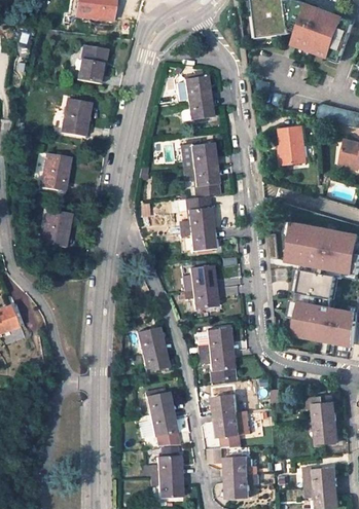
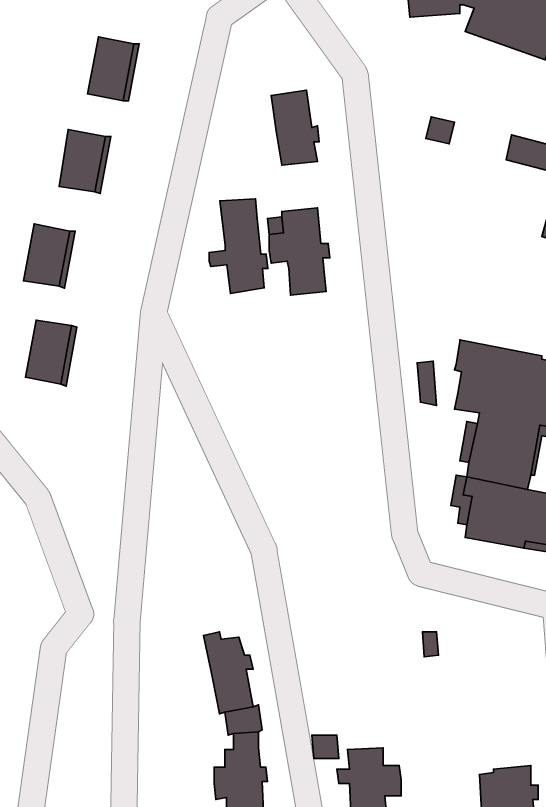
building: [280,126,306,163] -> none
building: [179,197,213,252] -> [209,199,268,293]
building: [182,266,216,310] -> none
building: [132,328,166,373] -> none
building: [196,329,232,380] -> none
building: [213,394,250,447] -> none
building: [312,396,337,444] -> none

